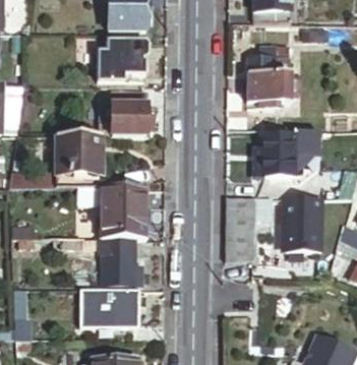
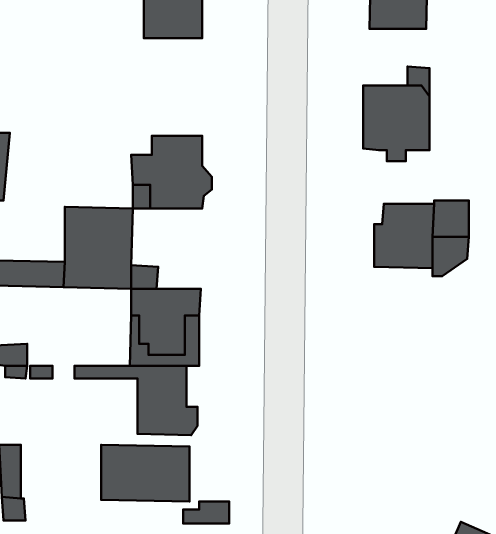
building: [97,39,145,79] -> none
building: [225,194,255,260] -> none
building: [284,196,323,250] -> none

